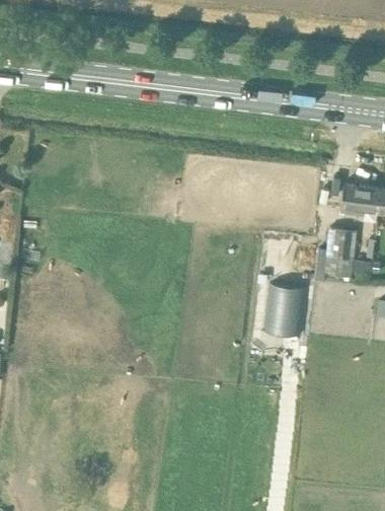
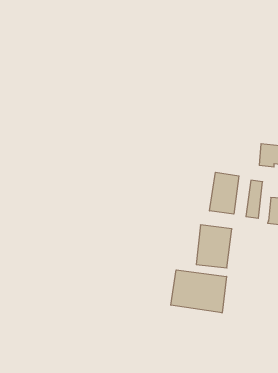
building: none -> [210,172,239,214]
building: none -> [171,270,227,313]

